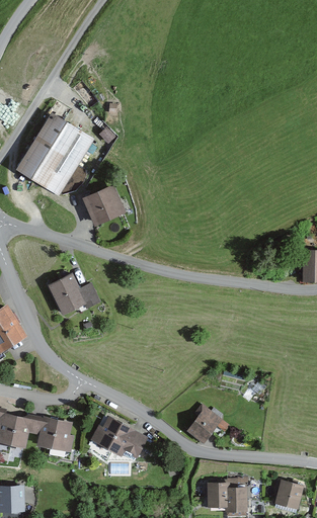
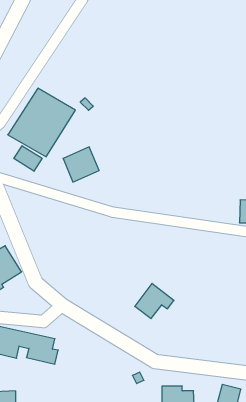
building: none -> [14,146,42,171]
building: [47,273,100,318] -> none
building: [180,403,229,446] -> [135,283,174,319]
building: [92,415,148,457] -> none

